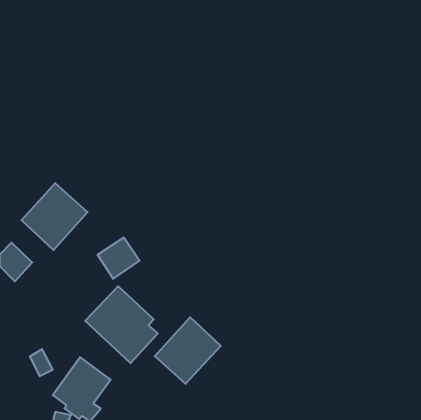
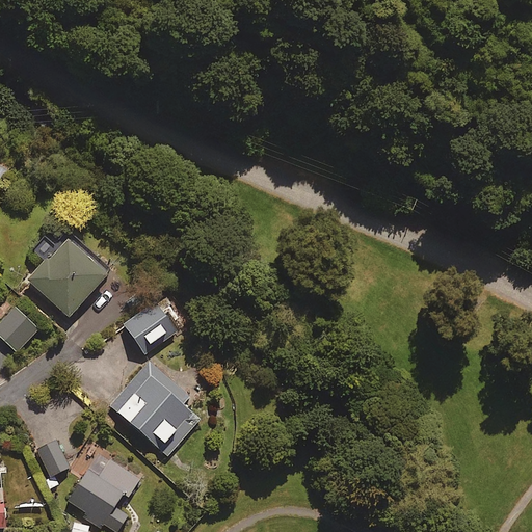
building: [155,317,221,384] -> none

